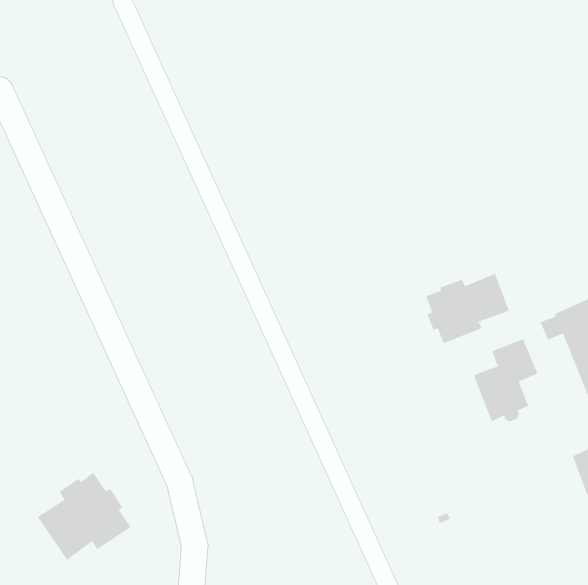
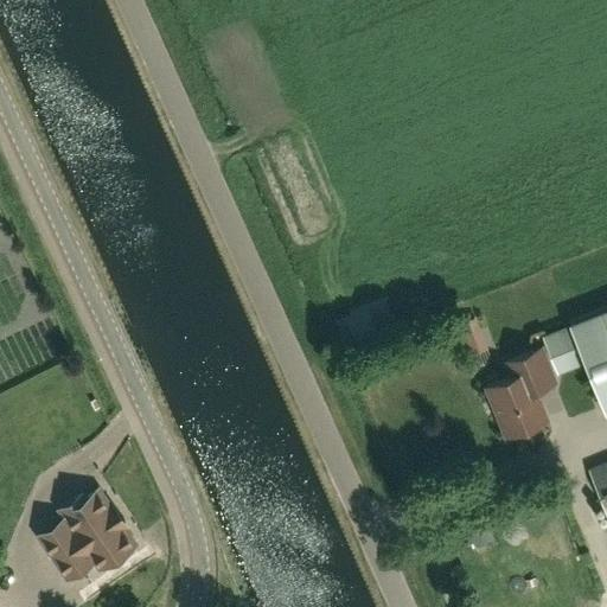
building: [425,273,510,344] -> none

